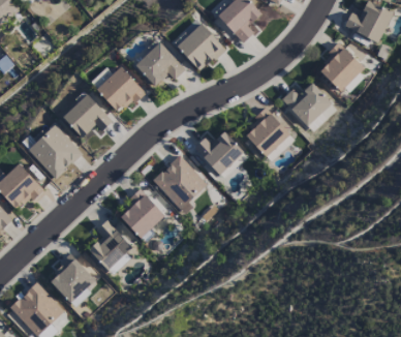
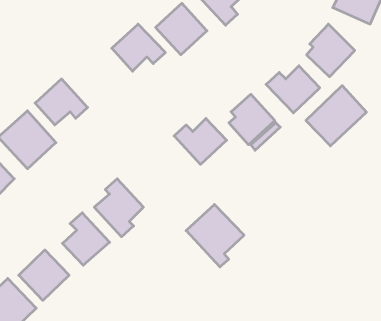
building: [95,66,144,114] -> none
building: none -> [306,86,366,146]
building: [152,155,207,214] -> [186,204,244,267]

